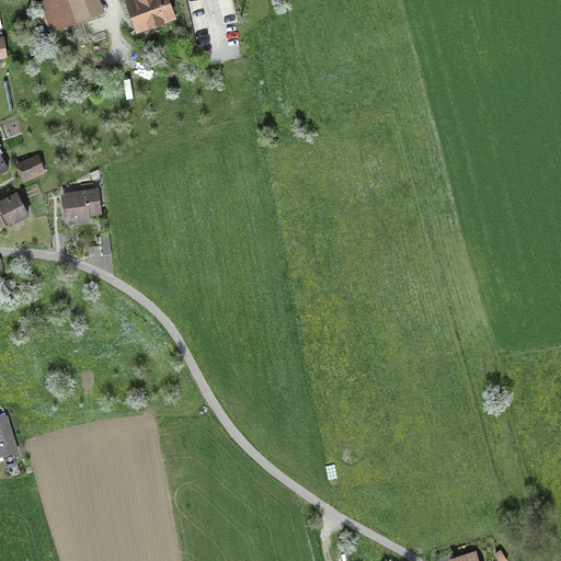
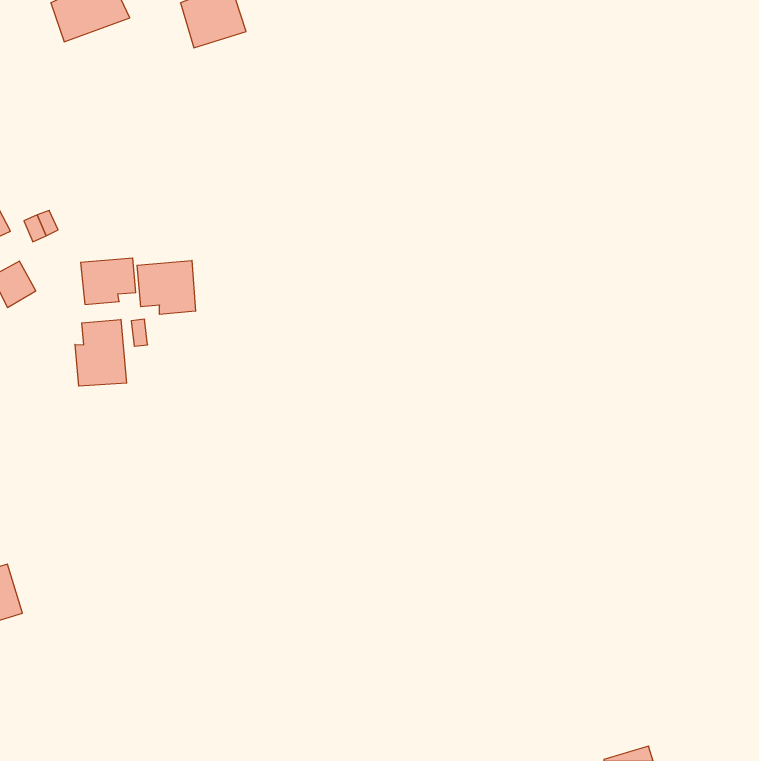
building: none -> [137,260,195,314]
building: none -> [75,319,127,386]

